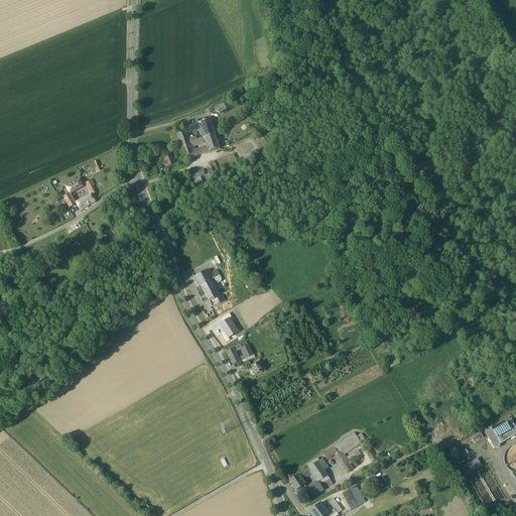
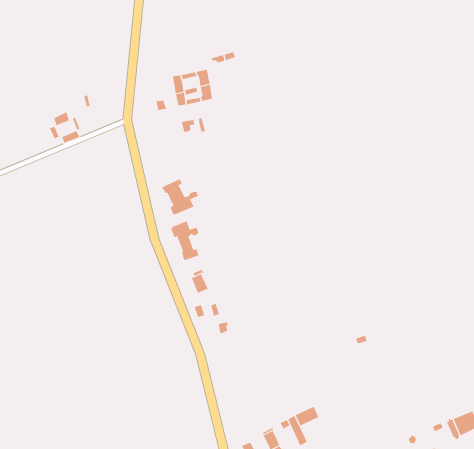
building: none -> [162,178,199,215]

